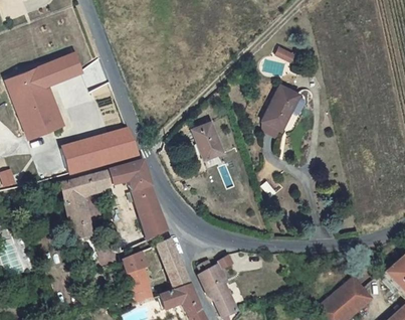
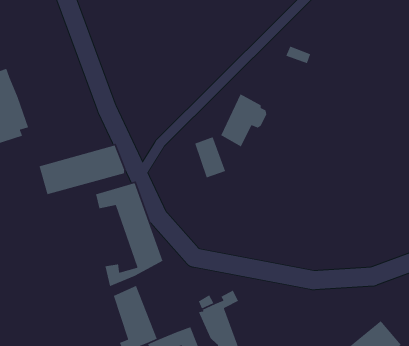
building: [38,61,74,90] -> none
building: [262,84,302,130] -> [220,93,267,147]
building: [64,172,114,243] -> none
building: [159,236,192,290] -> none

